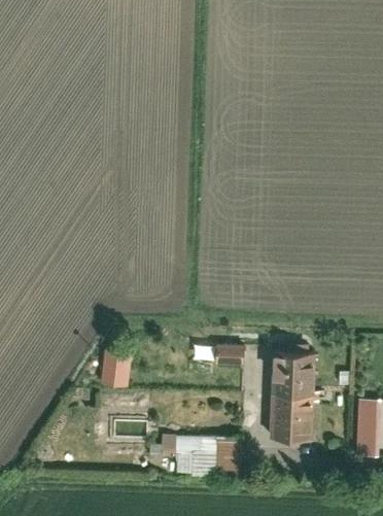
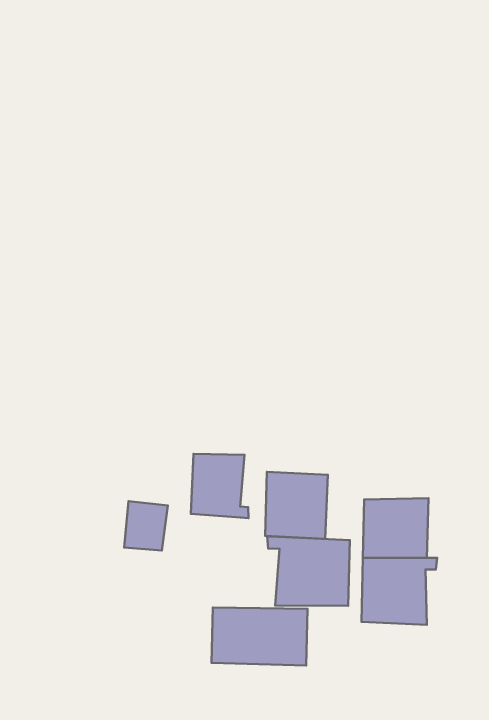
building: none -> [191,454,249,518]
building: none -> [267,536,350,606]

